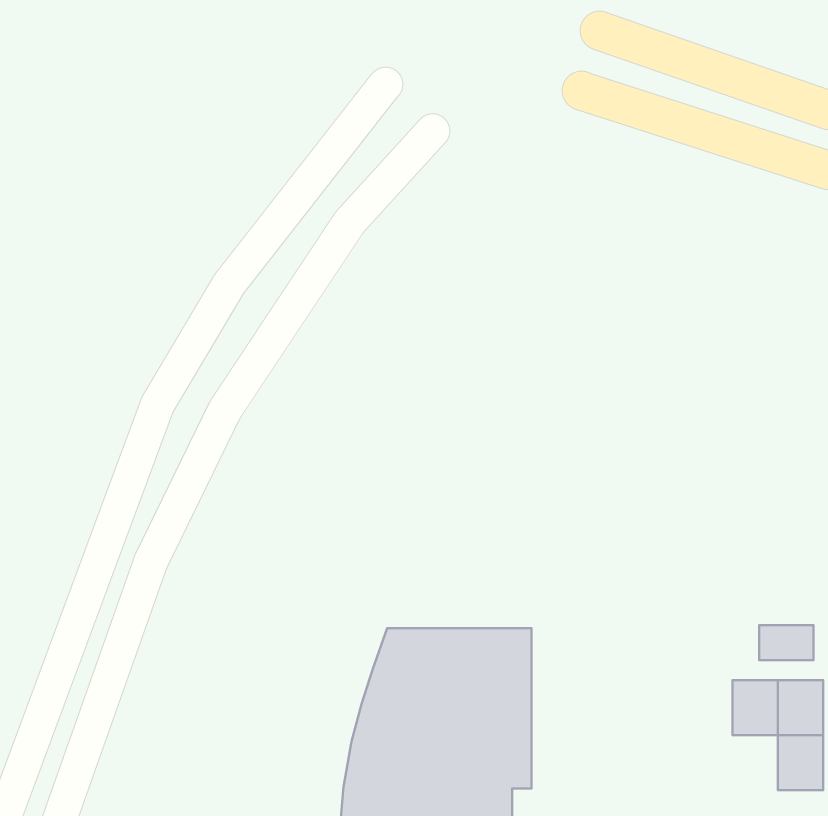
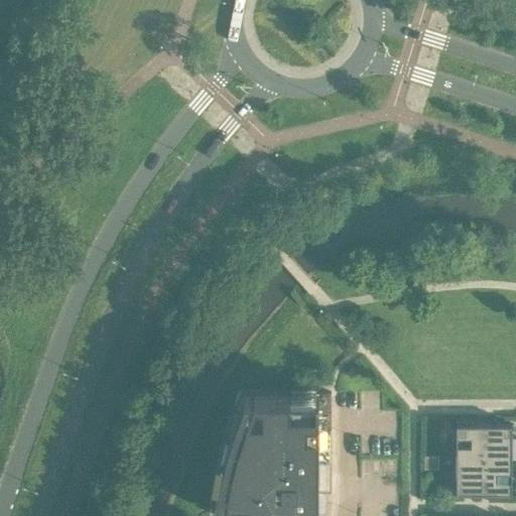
building: [759,625,814,660] -> none
building: none -> [456,465,484,499]

